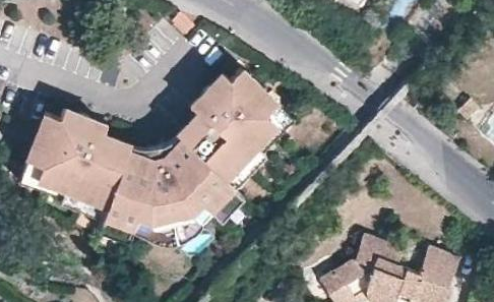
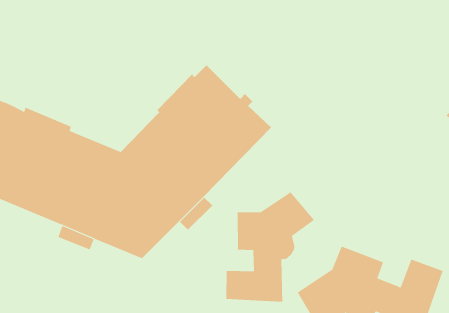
building: none -> [226,192,315,302]

